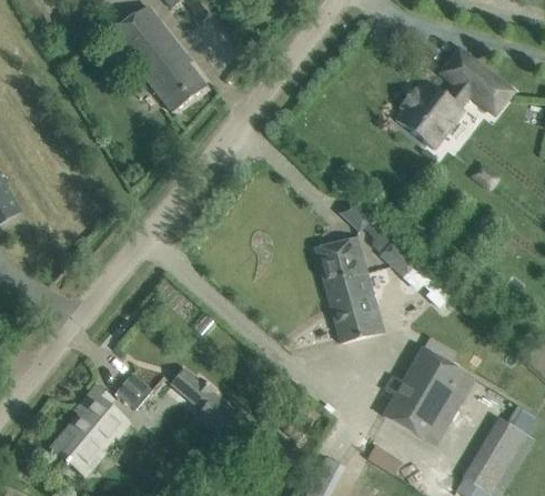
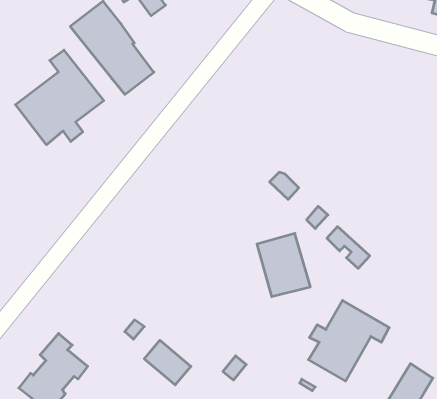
building: [396,48,511,148] -> none
building: none -> [15,50,104,145]
building: [315,236,367,283] -> none
building: [117,373,153,408] -> none

